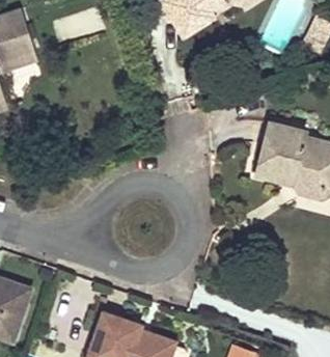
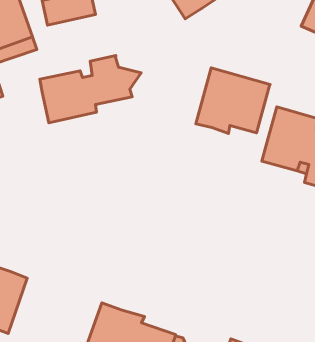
building: none -> [40,55,141,123]
building: none -> [196,68,270,134]

